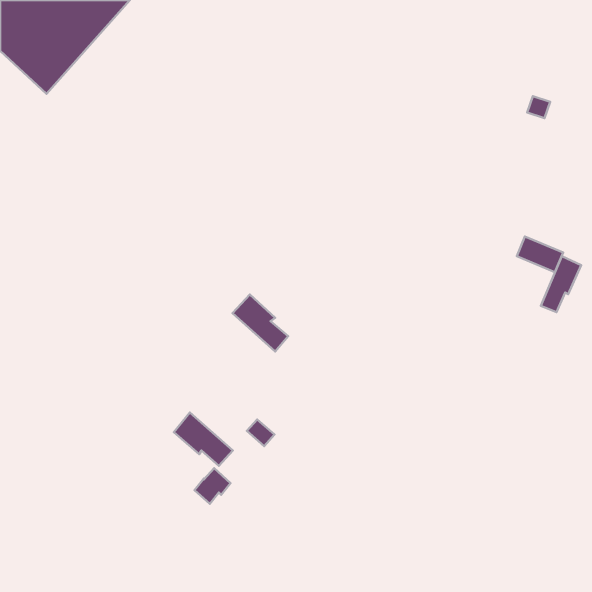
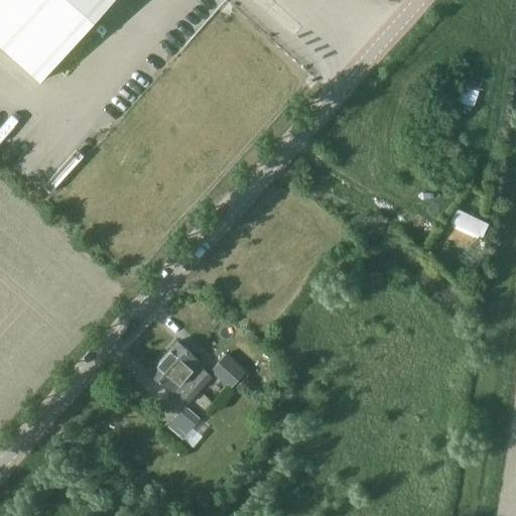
building: [541,256,581,312] -> none
building: [232,295,288,351] -> [165,343,214,392]

